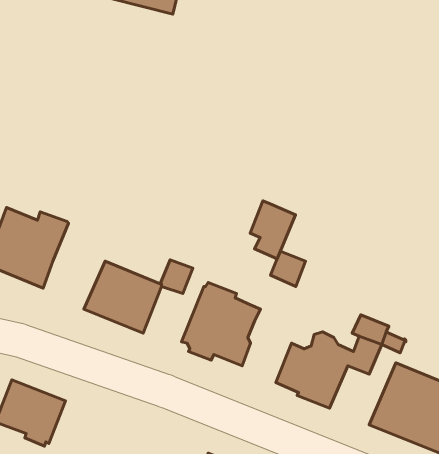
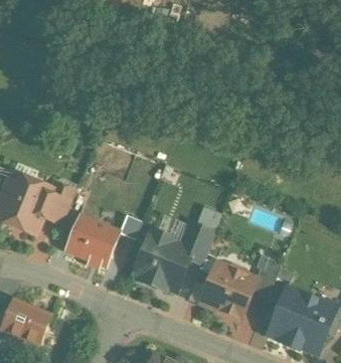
building: [250,201,295,259] -> [183,223,215,264]
building: none -> [42,181,76,223]

